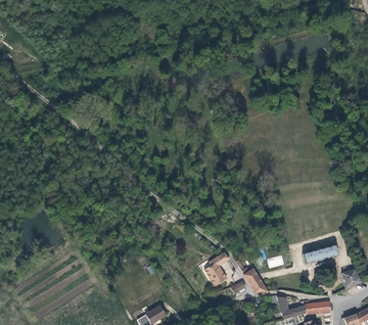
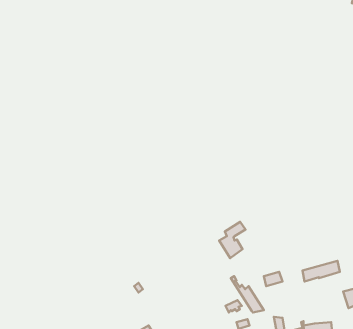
building: [205,252,230,286] -> [219,222,246,258]

